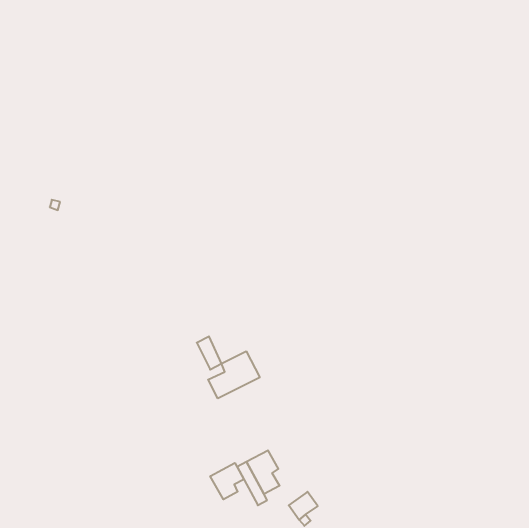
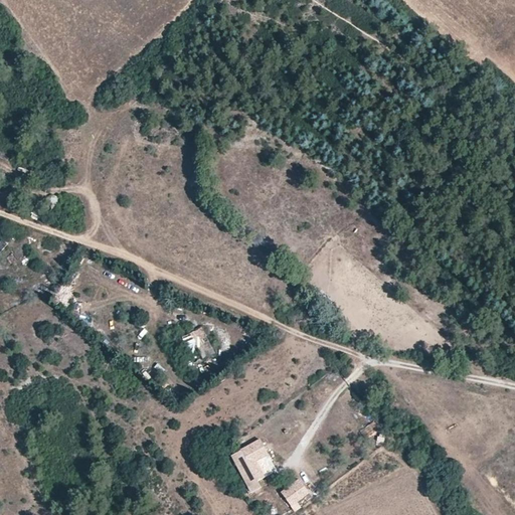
building: [208,351,260,398] -> none
building: [210,463,244,499] -> none

